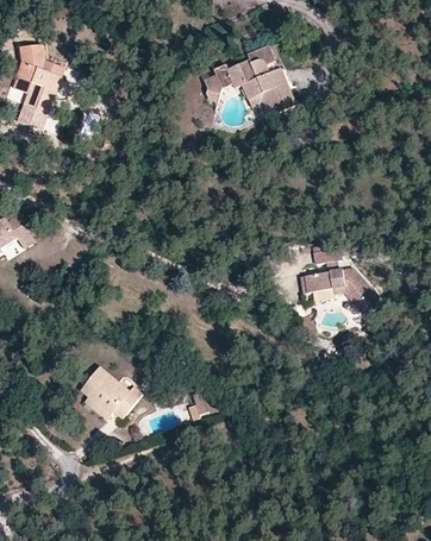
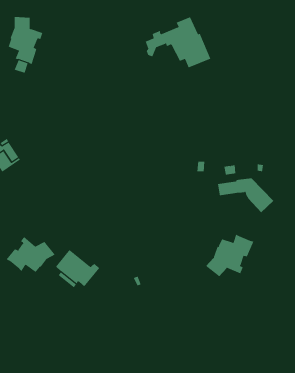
building: none -> [205,234,254,277]
building: none -> [6,236,56,273]

